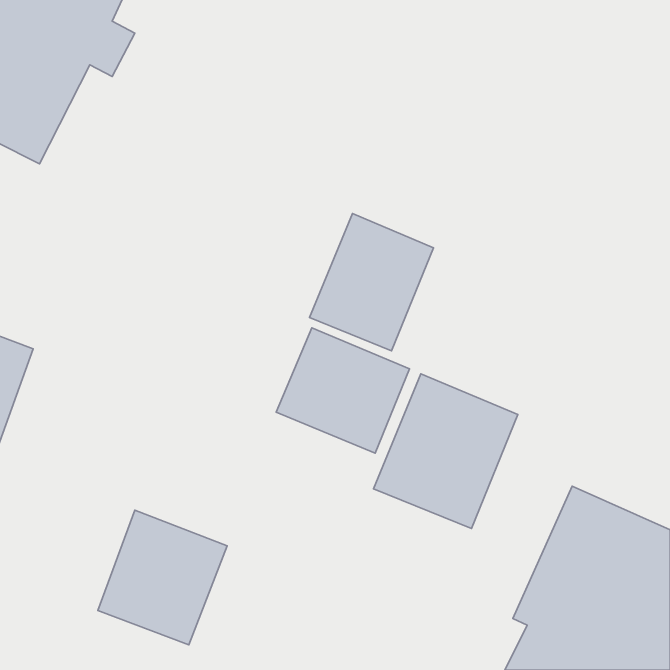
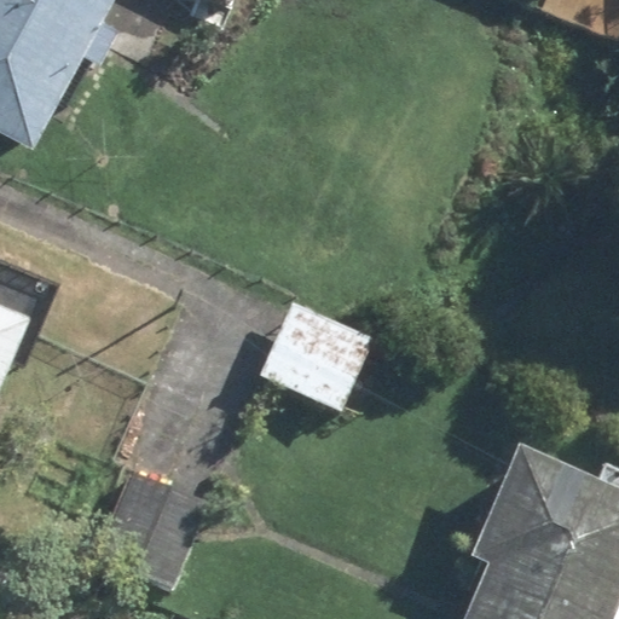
building: [309,214,434,351] -> none
building: [373,374,518,529] -> none

